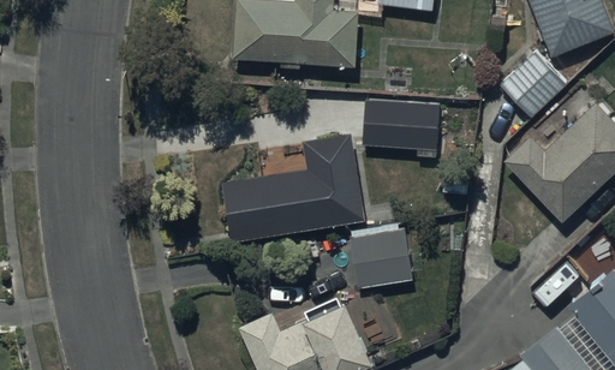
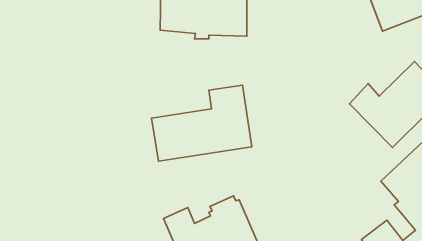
building: [498,50,566,119] -> none
building: [363,97,446,159] -> none
building: [350,226,413,291] -> none

